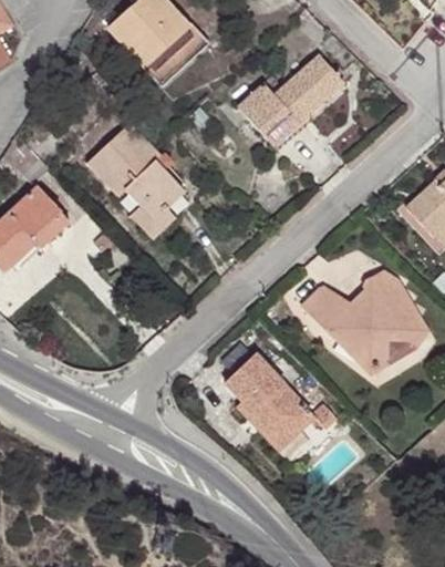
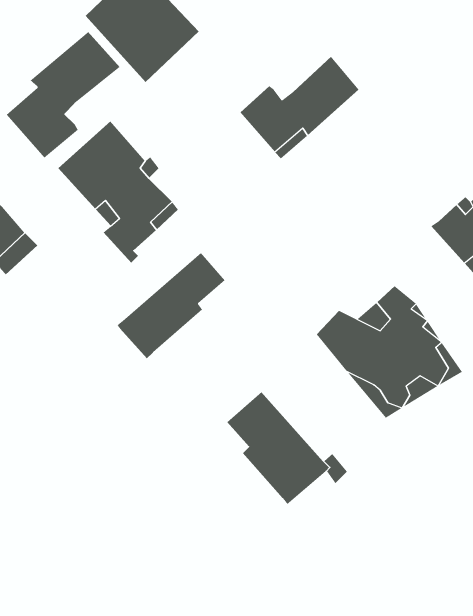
building: none -> [6,31,120,159]
building: none -> [117,252,226,359]

